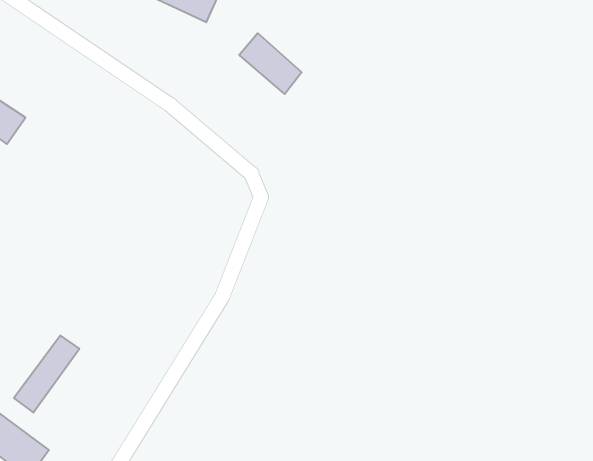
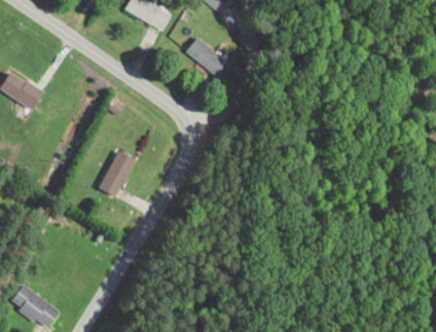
building: none -> [98,150,135,196]
building: [14,335,79,413] -> none

